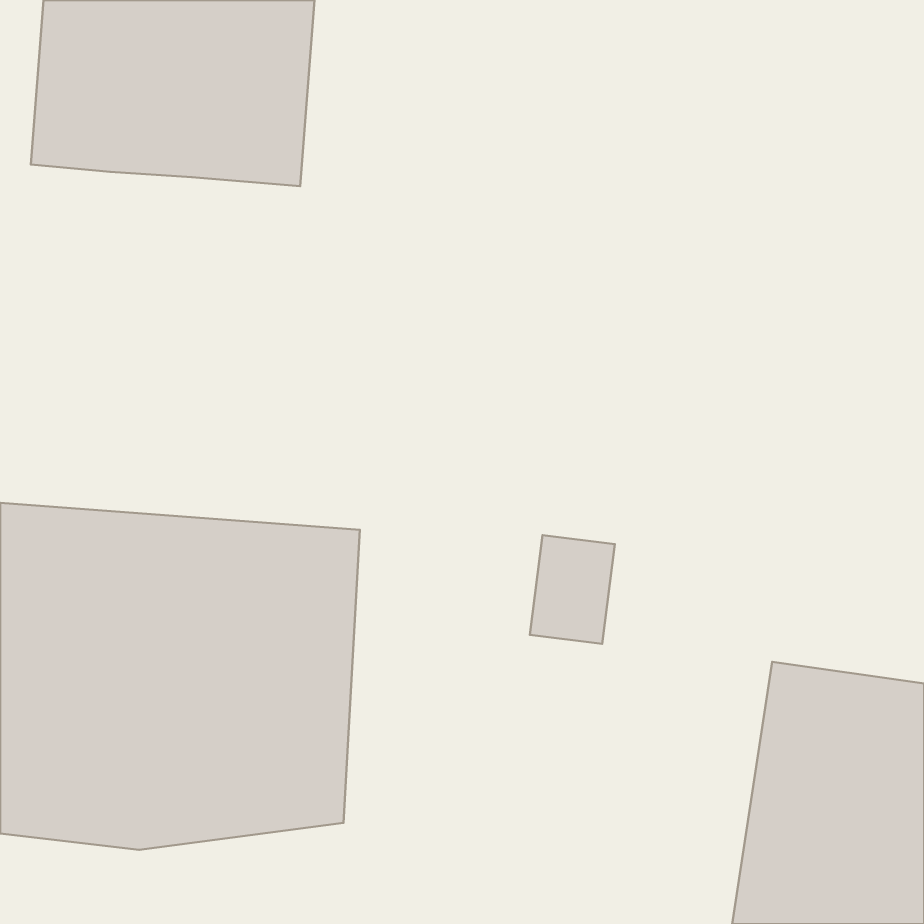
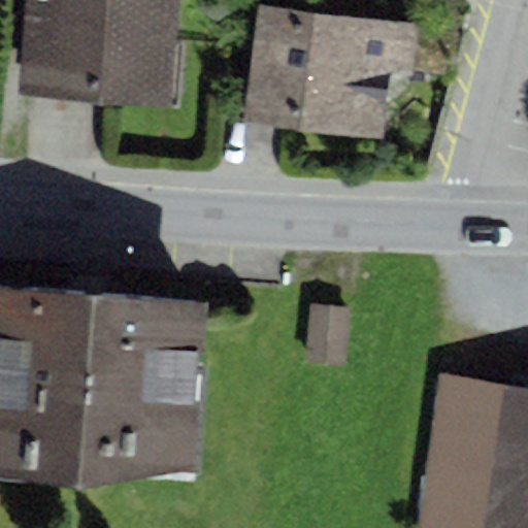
building: none -> [243,6,460,139]

